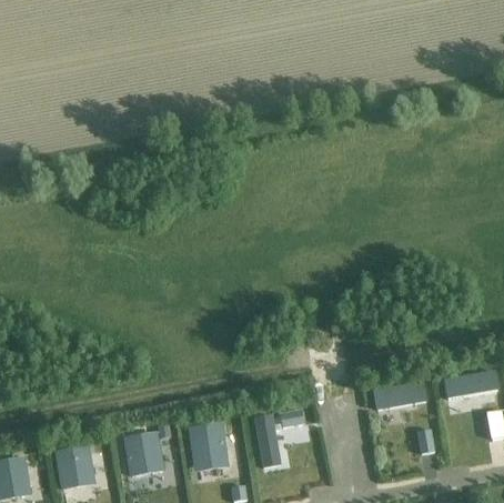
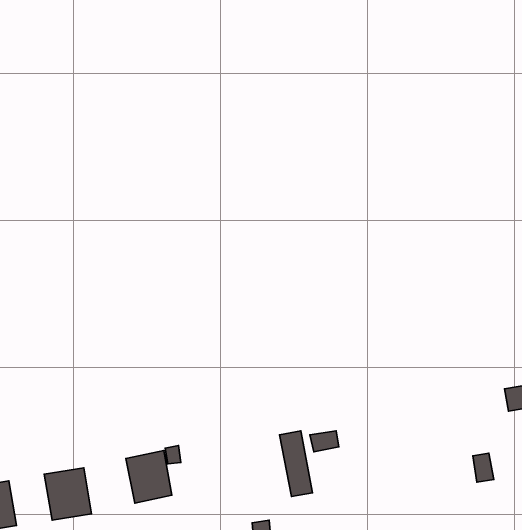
building: [373,381,427,409] -> none
building: [189,422,228,470] -> none

